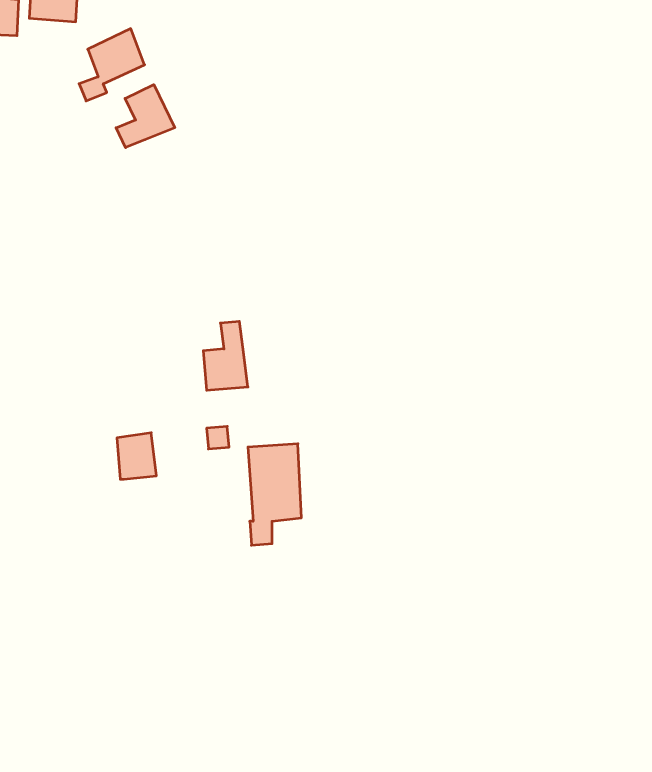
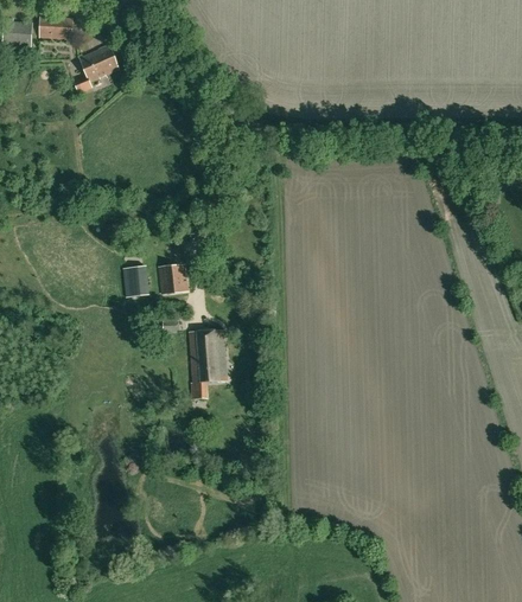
building: [116,85,175,148] -> none
building: [117,433,156,479] -> [123,264,151,296]

